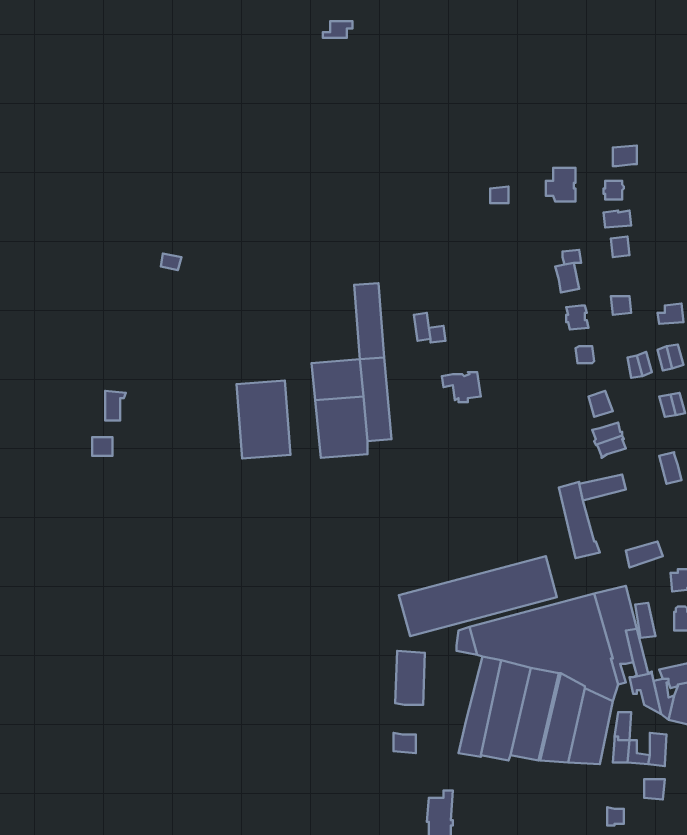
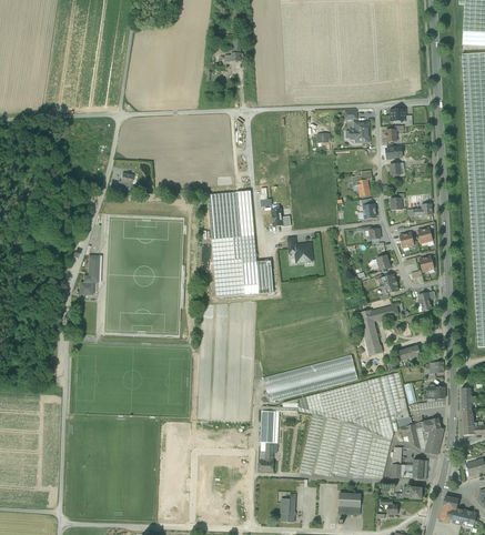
building: [236,380,290,458] -> [209,192,241,239]
building: none -> [339,493,362,515]

